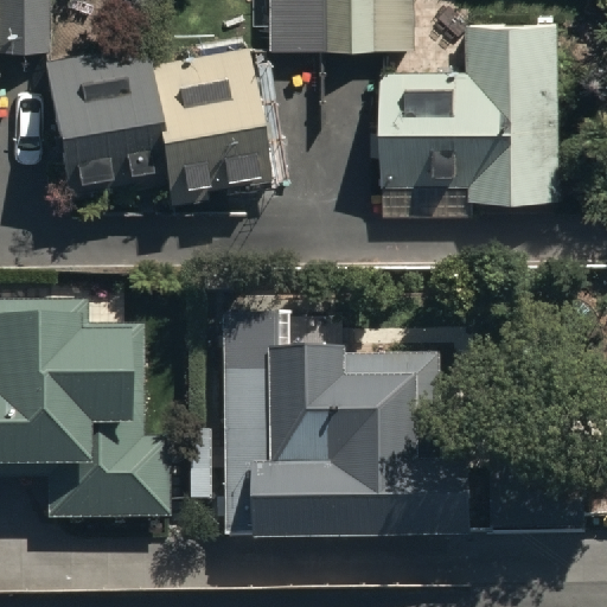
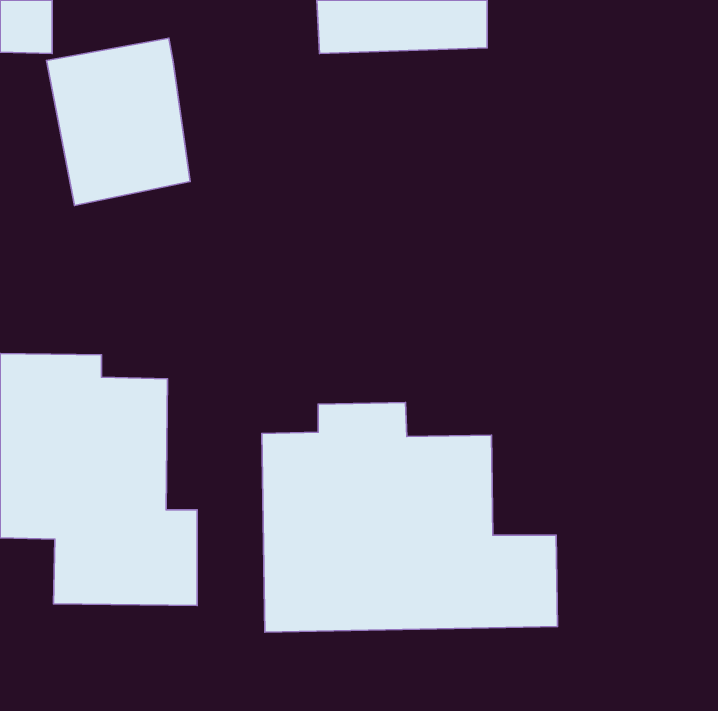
building: [383,20,560,213] -> none
building: [147,41,267,191] -> none

